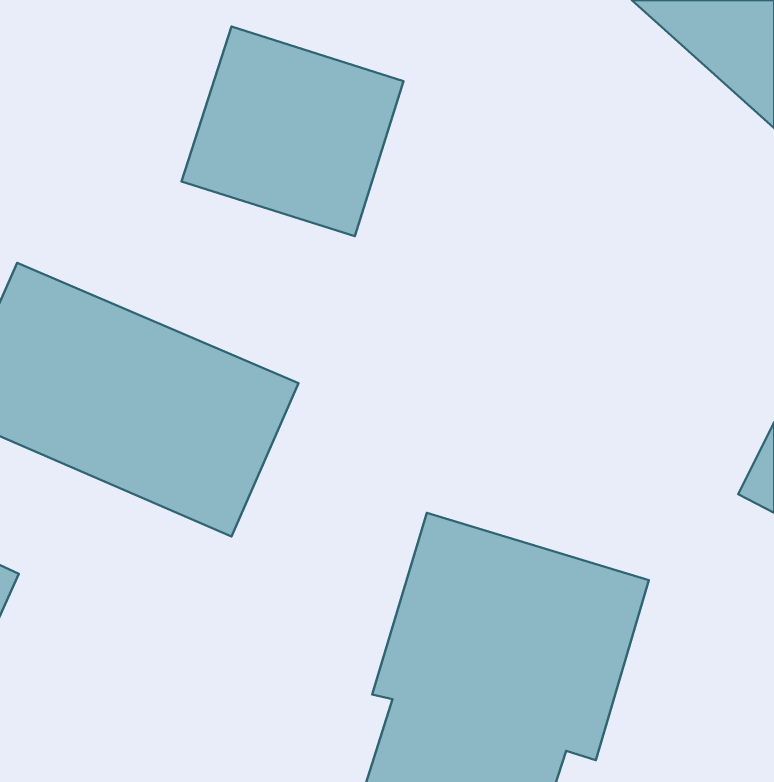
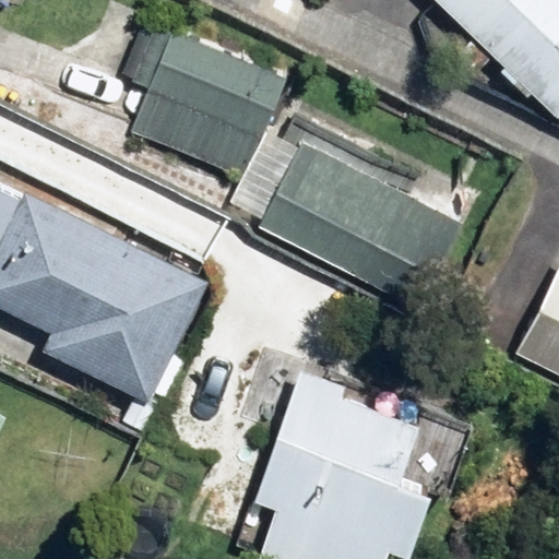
building: none -> [250,120,474,310]

